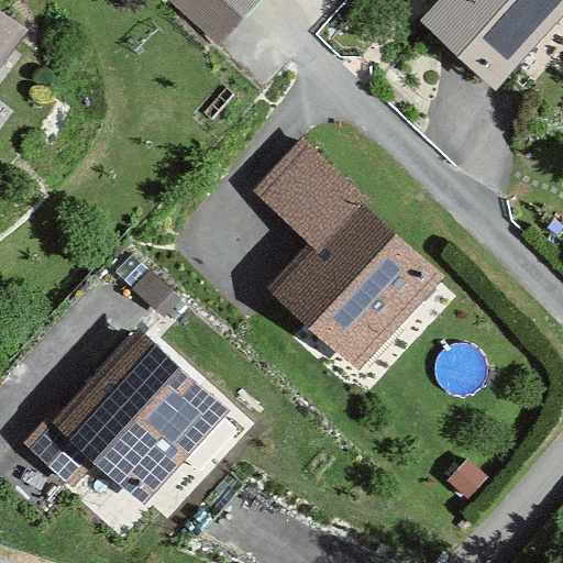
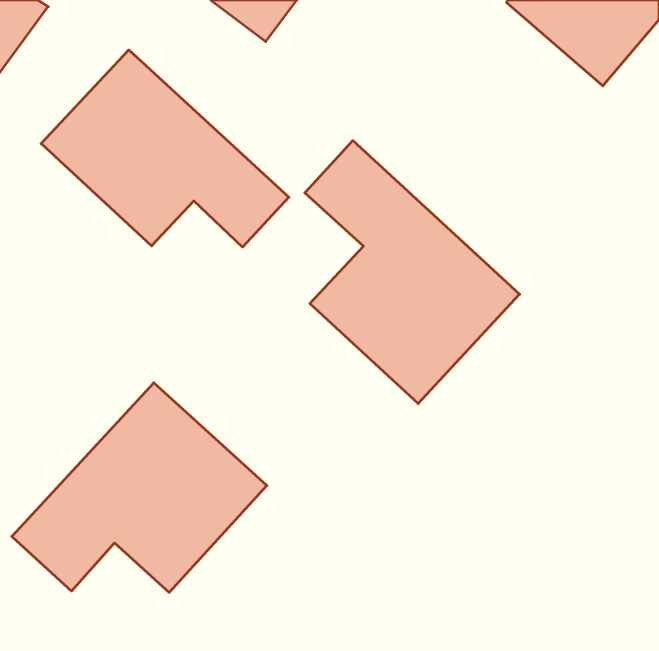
building: none -> [41,50,289,247]

